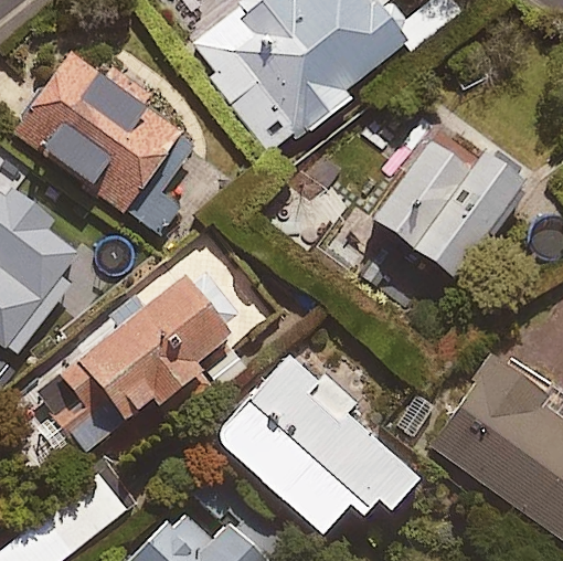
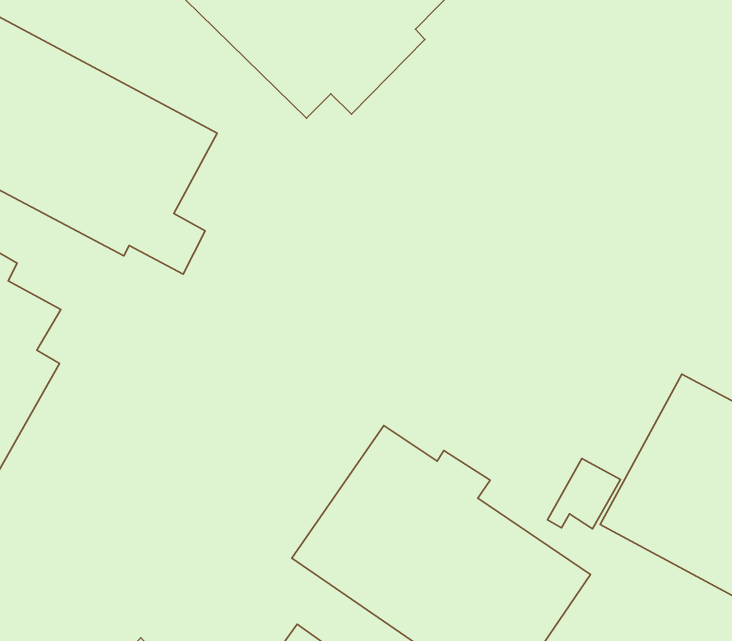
building: [370,127,524,276] -> none
building: [35,268,234,457] -> none

